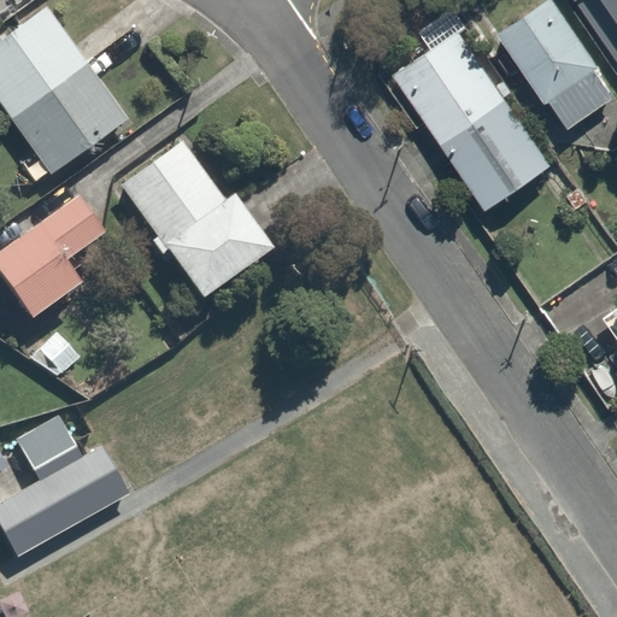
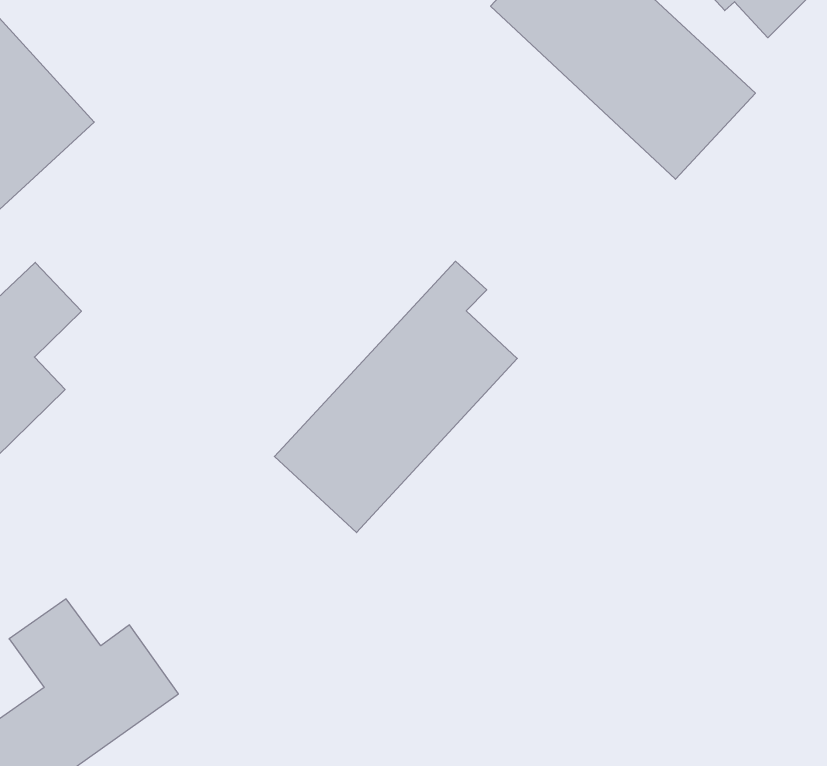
building: [119,139,278,299] -> none
building: none -> [274,261,517,533]

